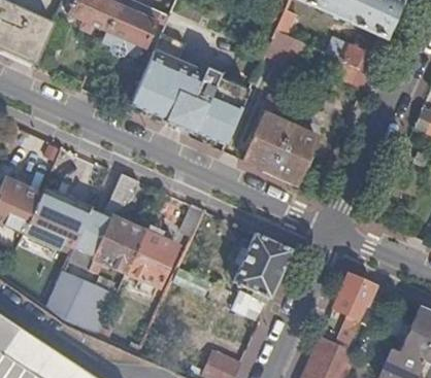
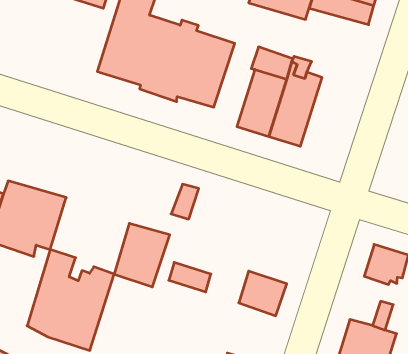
building: [74,173,143,275] -> none
building: [235,232,292,298] -> none

